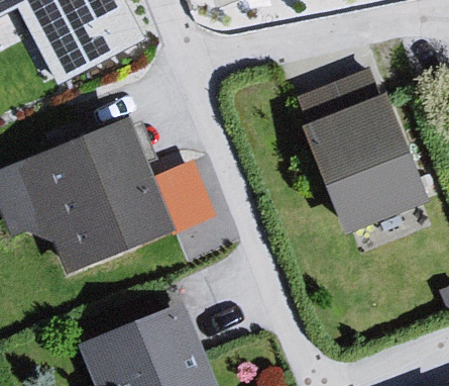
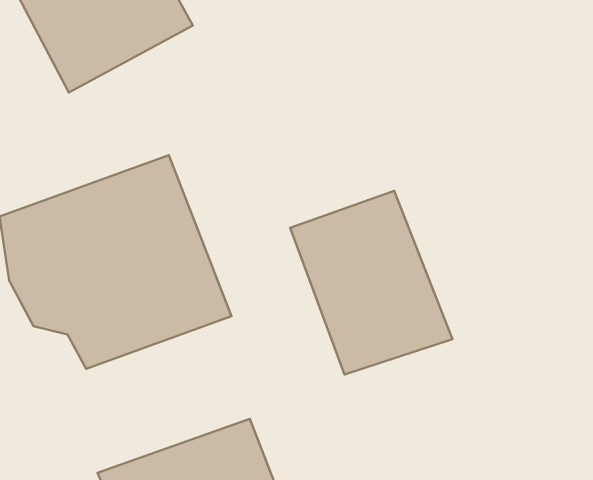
building: [306,99,421,229] -> [290,191,453,375]

